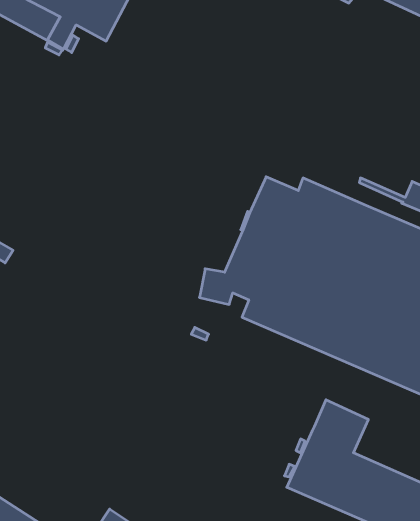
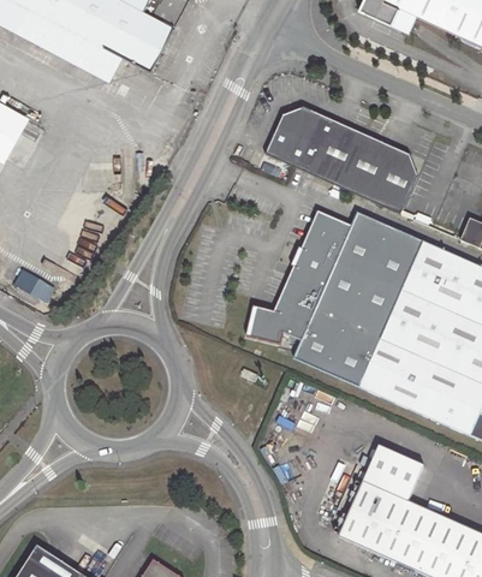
building: none -> [266,105,418,218]

